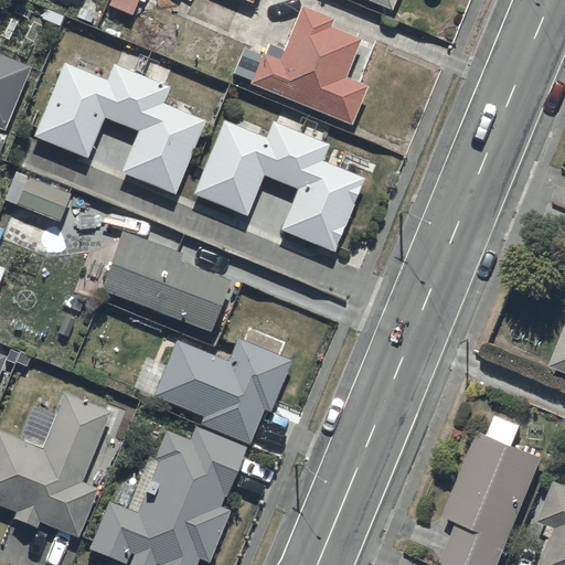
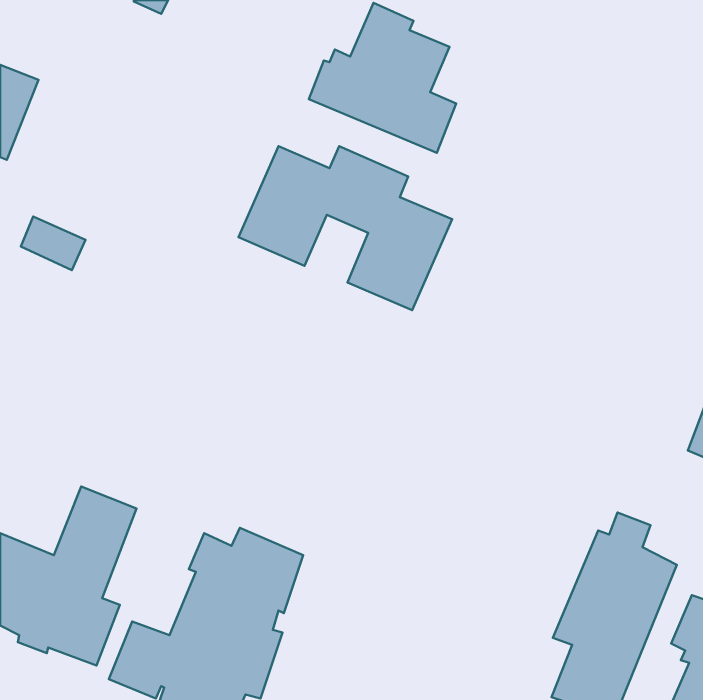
building: [34,62,205,194] -> none
building: [102,232,228,331] -> none
building: [152,329,290,444] -> none

